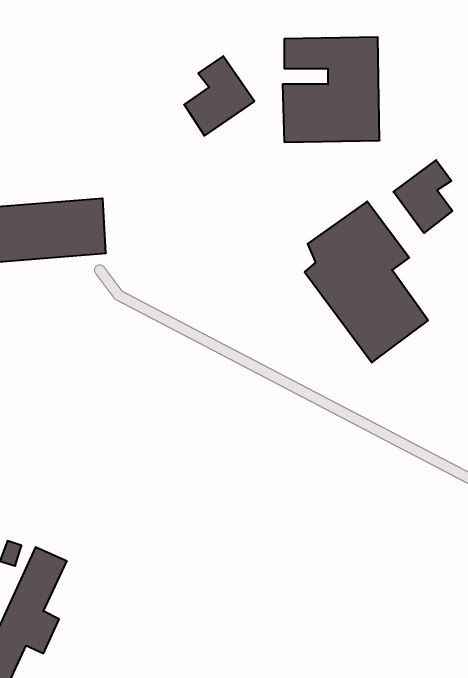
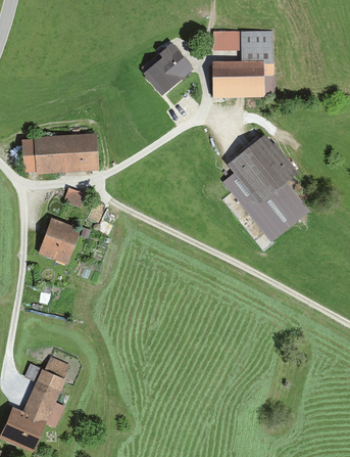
building: [393,160,452,233] -> none
building: none -> [39,223,79,266]

